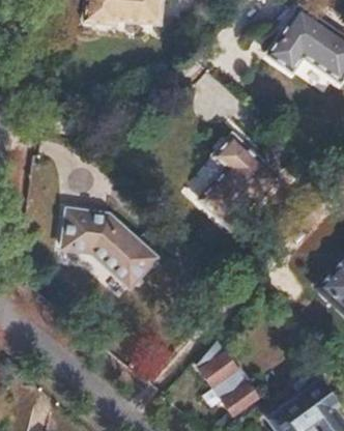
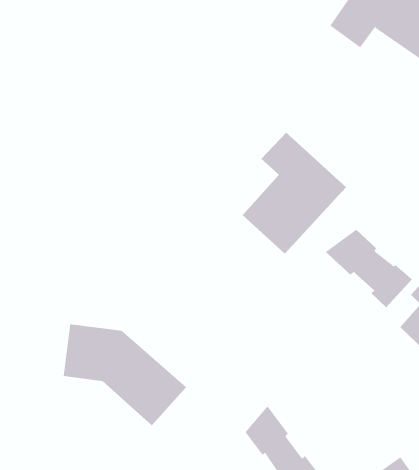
building: [60,207,155,286] -> [63,324,187,426]
building: none -> [325,229,413,308]

